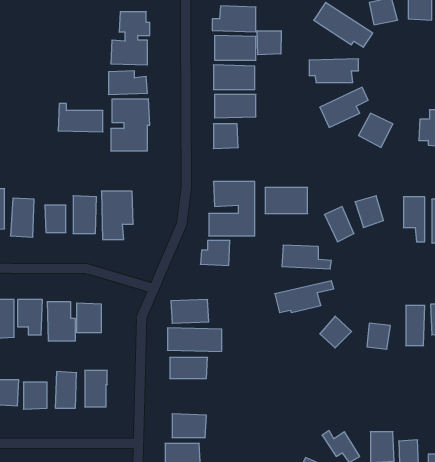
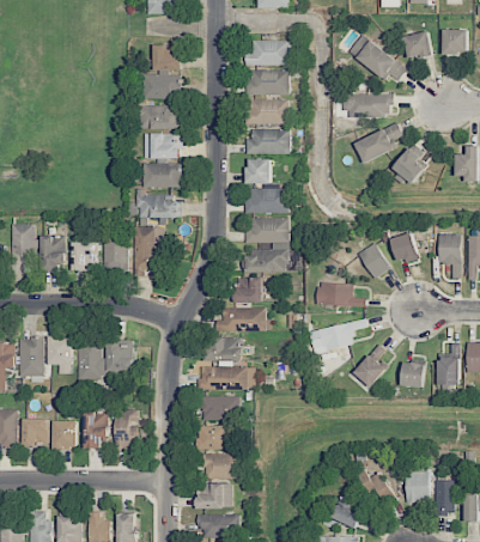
building: [257,31,281,55] -> none
building: [58,104,103,132] -> [135,189,181,218]
building: [265,188,308,214] -> [244,187,287,213]
building: none -> [214,307,271,331]
building: none -> [199,425,226,450]

